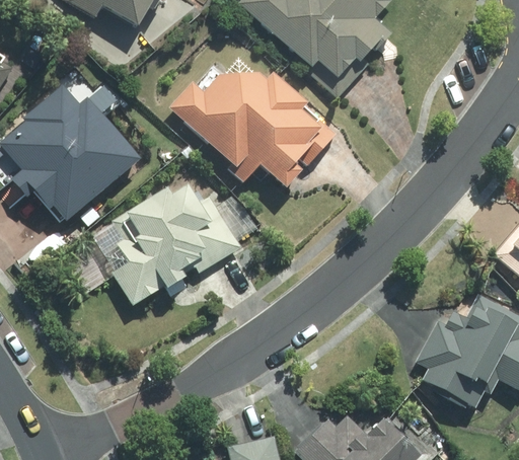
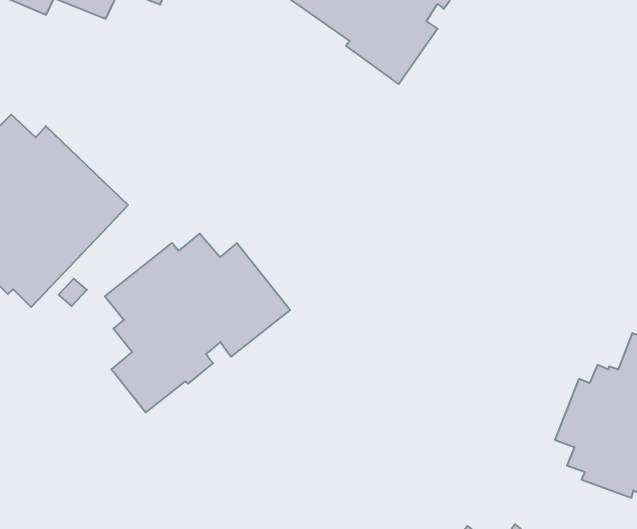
building: [170,71,340,188] -> none

